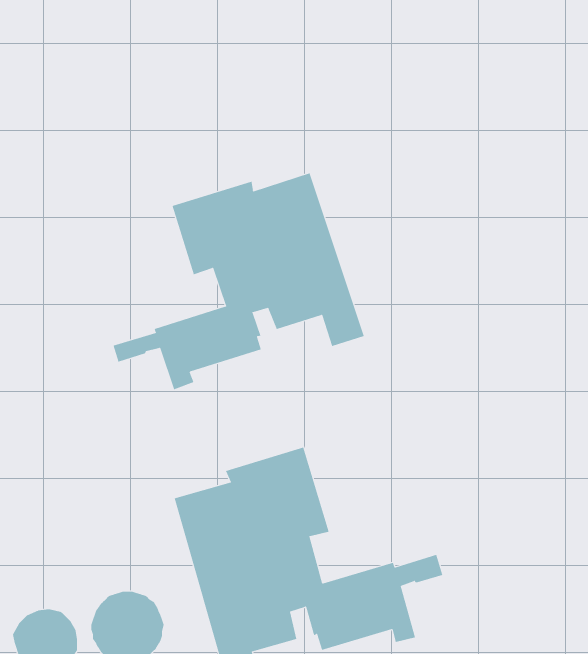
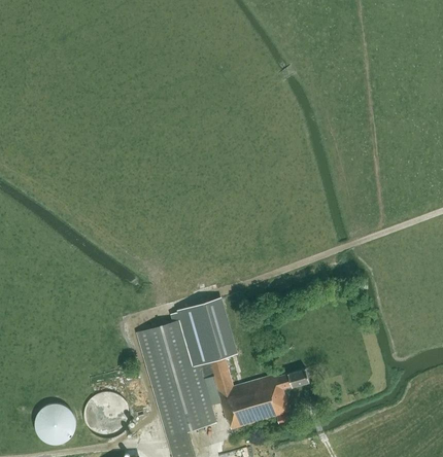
building: [113,173,364,390] -> none

